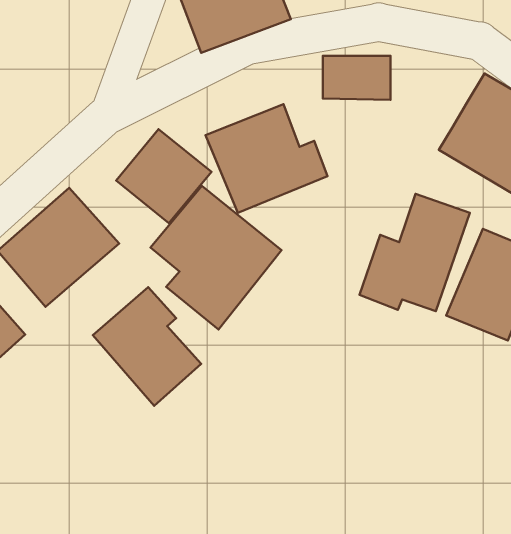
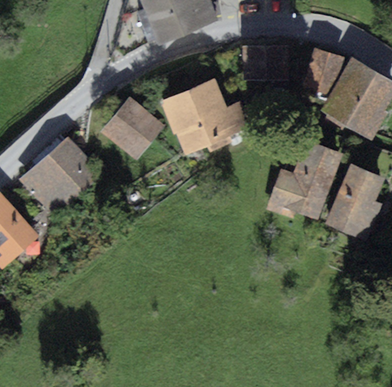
building: none -> [302,48,344,95]
building: [151,186,282,329] -> none
building: [93,287,201,406] -> none

